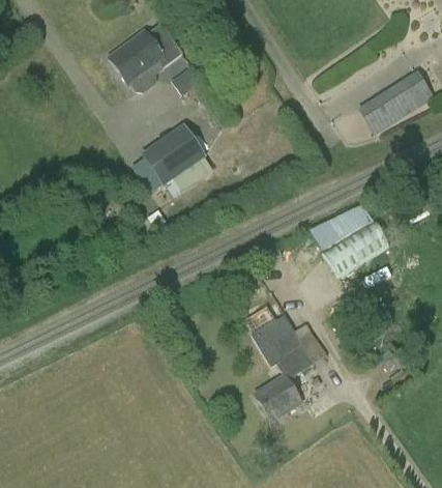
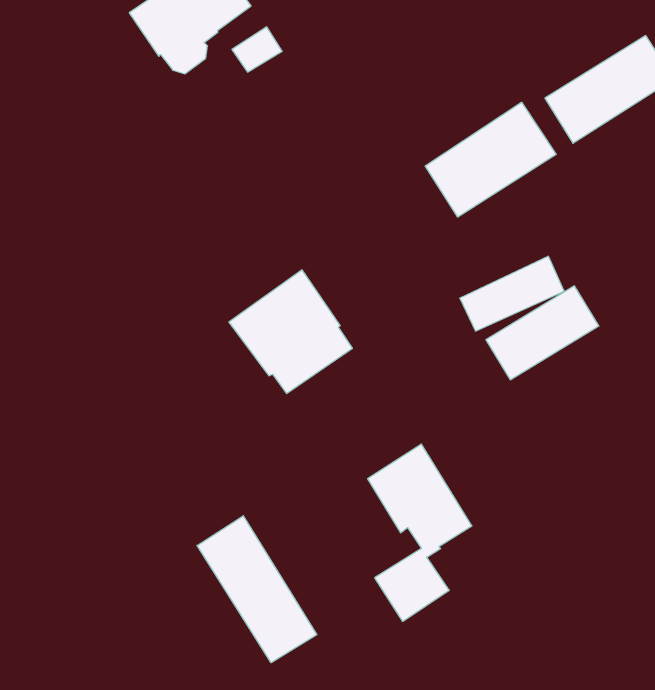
building: none -> [425,102,556,217]
building: [140,122,213,196] -> [229,270,352,393]
building: none -> [197,516,317,663]

